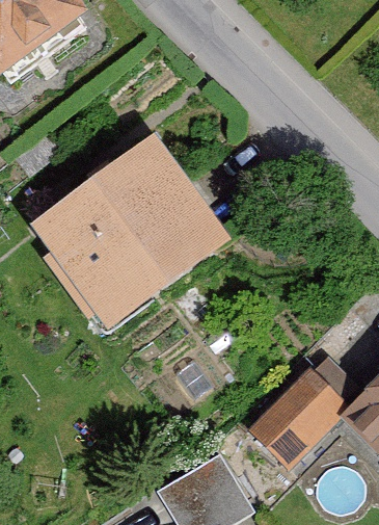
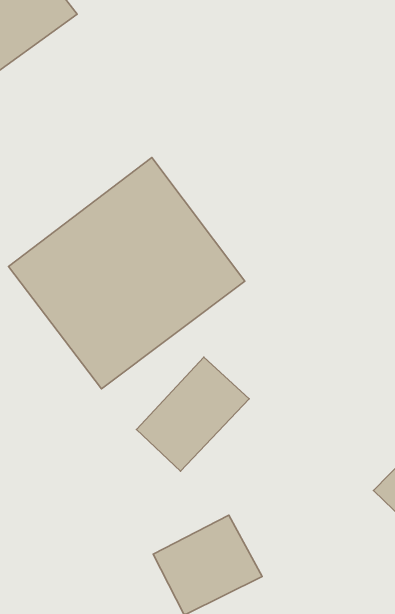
building: [244,368,340,465] -> [137,357,249,471]

